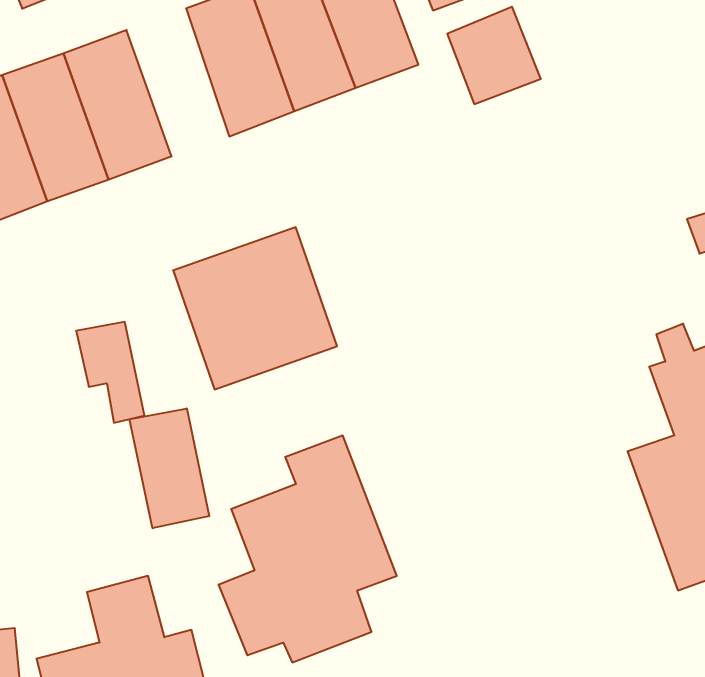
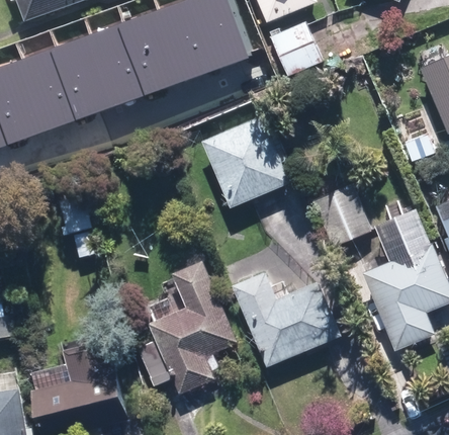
building: none -> [84,23,142,106]
building: [173,227,337,389] -> [203,114,295,205]
building: none -> [310,182,370,247]
building: [130,408,209,528] -> none
building: none -> [234,267,344,366]

